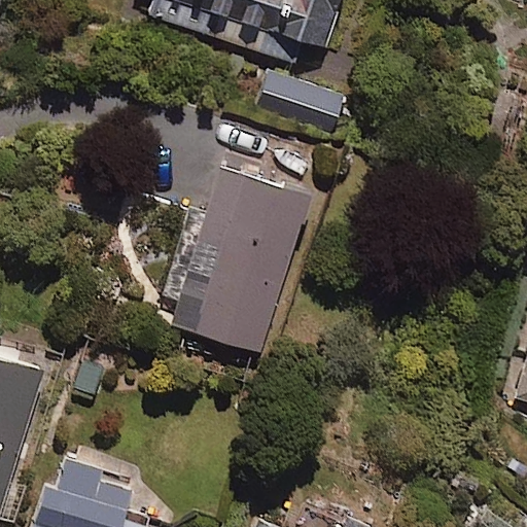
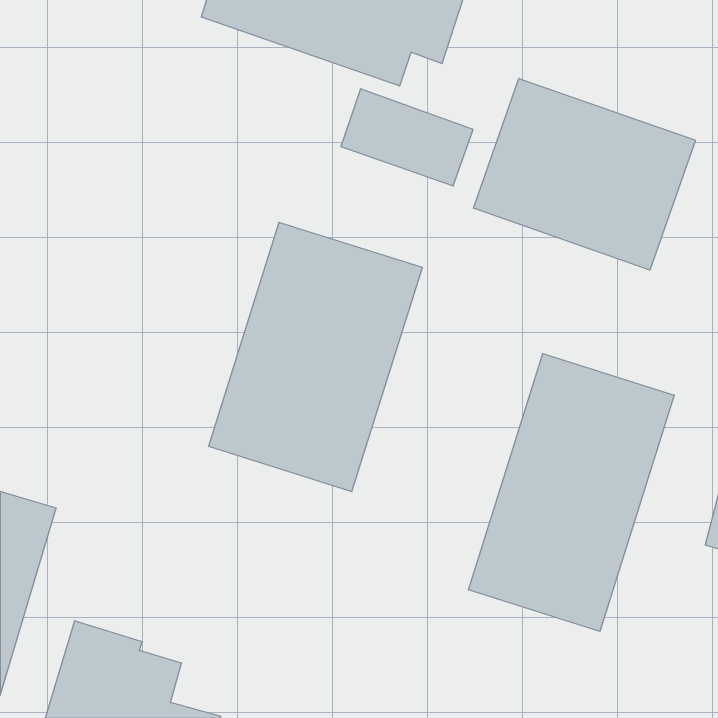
building: none -> [473,78,695,270]
building: none -> [468,354,674,631]

